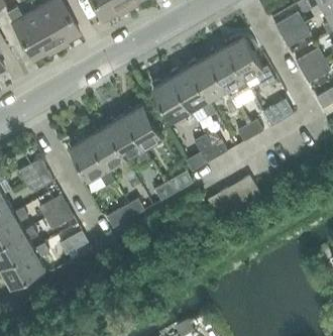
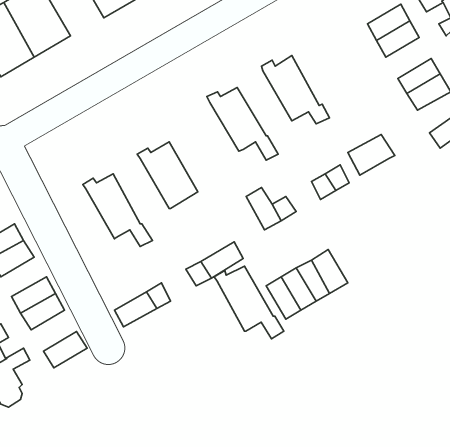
building: [224,36,276,88] -> none
building: [188,58,229,101] -> none
building: [151,79,200,125] -> none
building: [105,116,151,164] -> [214,266,284,339]
building: [70,136,116,186] -> none

